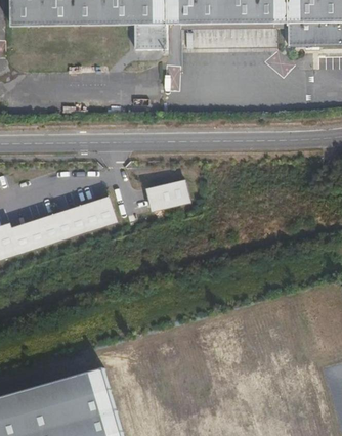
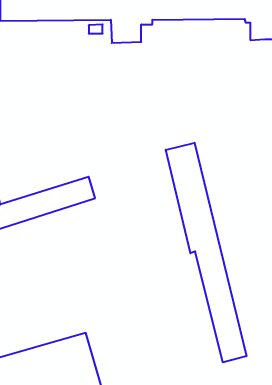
building: none -> [166,143,246,362]
building: [146,180,189,210] -> none

